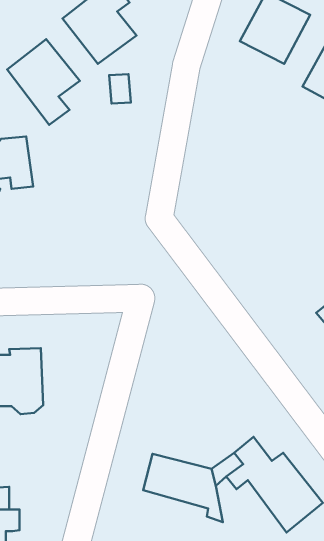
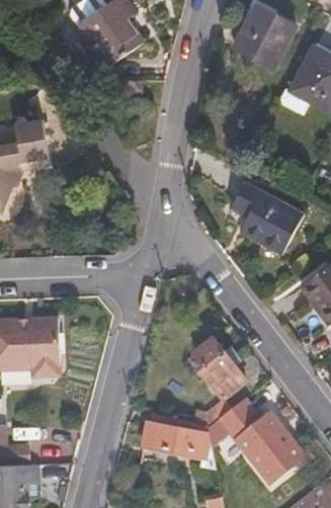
building: [7,39,80,125] -> none
building: none -> [231,180,298,251]
building: none -> [195,338,247,398]

